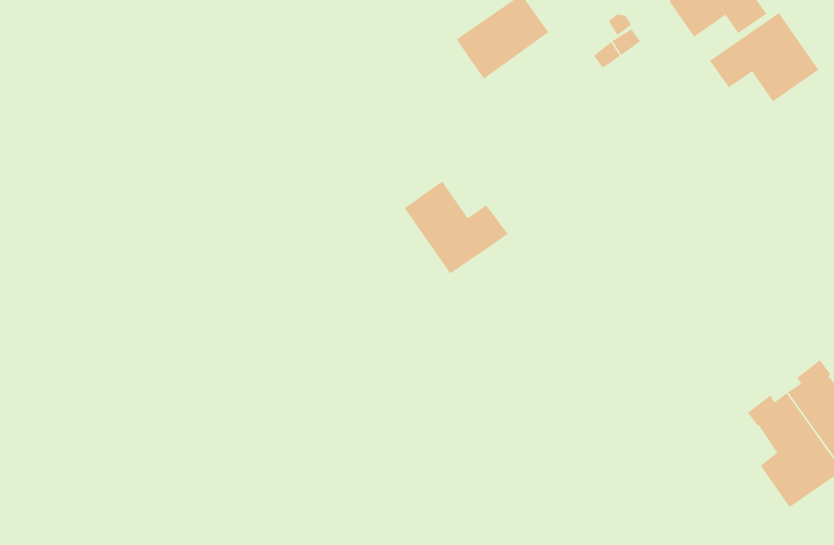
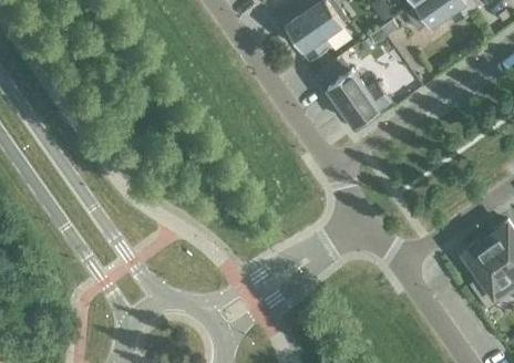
building: [709,12,819,102] -> none
building: [404,181,508,274] -> [327,71,390,127]

